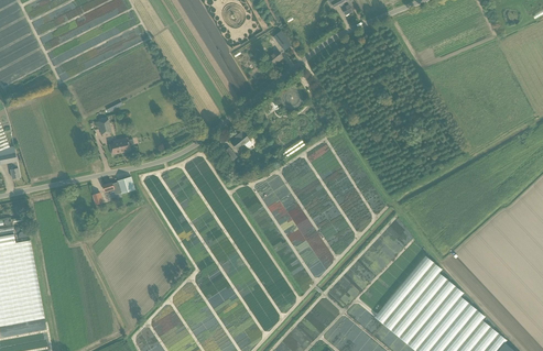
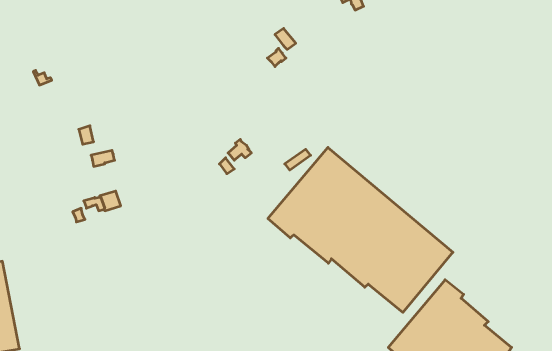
building: none -> [268,147,453,312]

